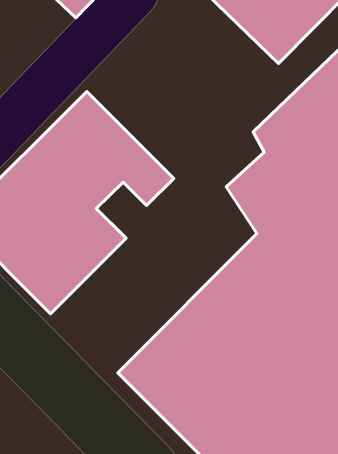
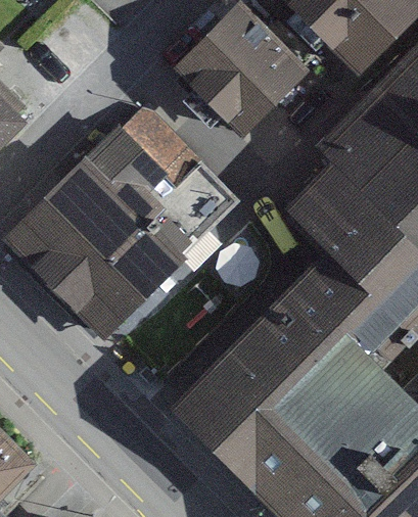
building: none -> [179,7,315,142]

